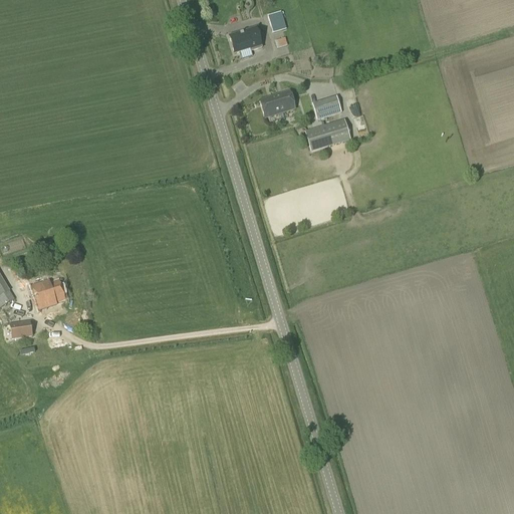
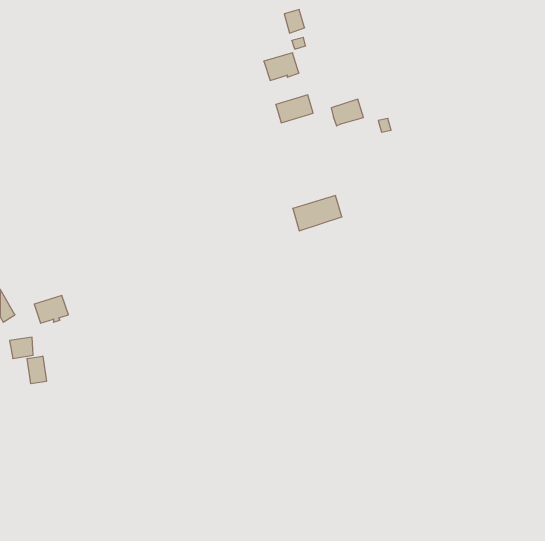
building: [229,24,262,50] -> [264,53,299,80]
building: [305,117,351,151] -> [293,196,342,231]
building: none -> [27,356,46,384]

